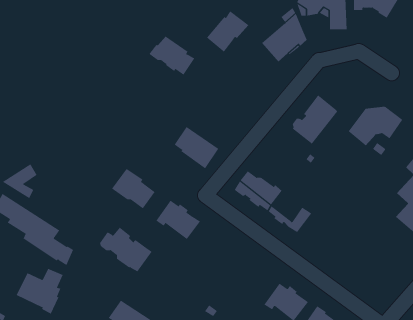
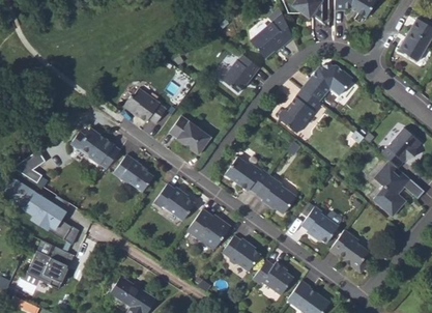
building: [206,10,249,52] -> [221,56,260,94]
building: [149,36,195,75] -> [123,89,166,125]
building: [348,106,403,146] -> [301,65,352,102]
building: none -> [259,176,287,204]
building: none -> [300,207,341,244]
building: [99,227,153,272] -> [71,129,120,170]
building: none -> [186,209,230,250]
building: none -> [329,230,369,274]
building: none -> [222,235,260,272]

